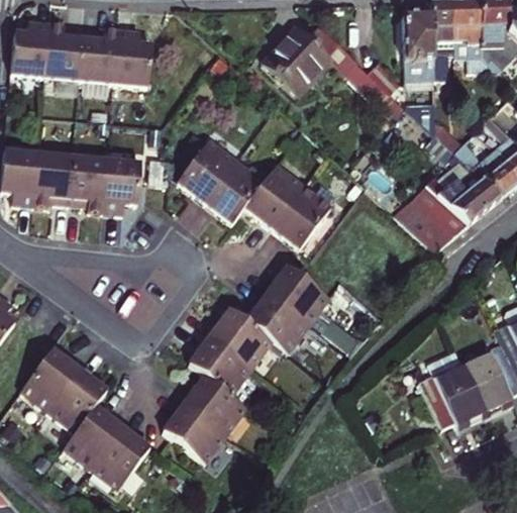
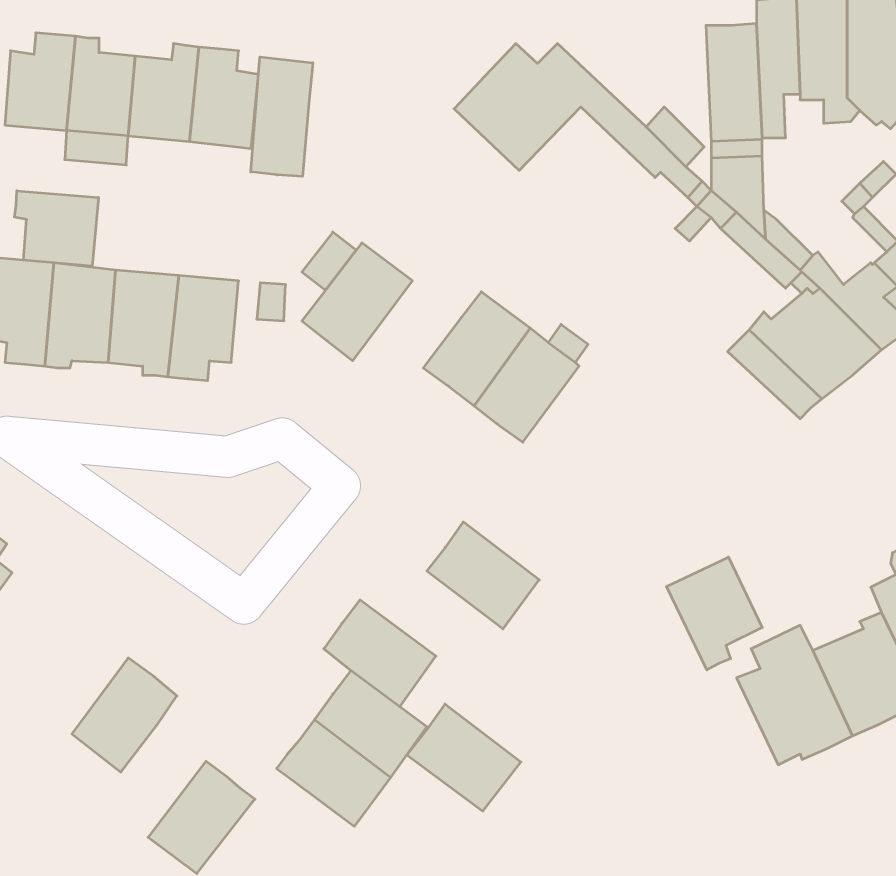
building: none -> [251,57,313,176]
building: none -> [14,191,98,266]
building: [205,159,266,223] -> none
building: [396,198,454,251] -> none
building: [267,266,330,325] -> none
building: [209,308,273,368] -> [407,704,521,811]
building: none -> [666,557,762,670]
building: [20,348,80,411] -> none
building: [64,406,123,469] -> none

